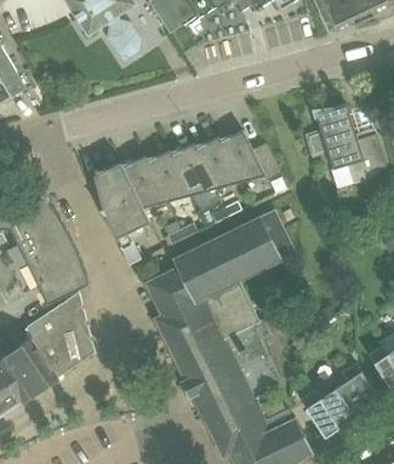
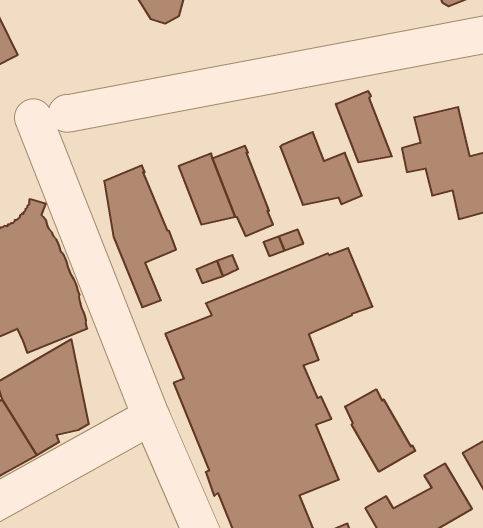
building: [195,136,239,188] -> [336,91,392,162]
building: [121,155,166,207] -> none
building: none -> [345,389,415,472]

